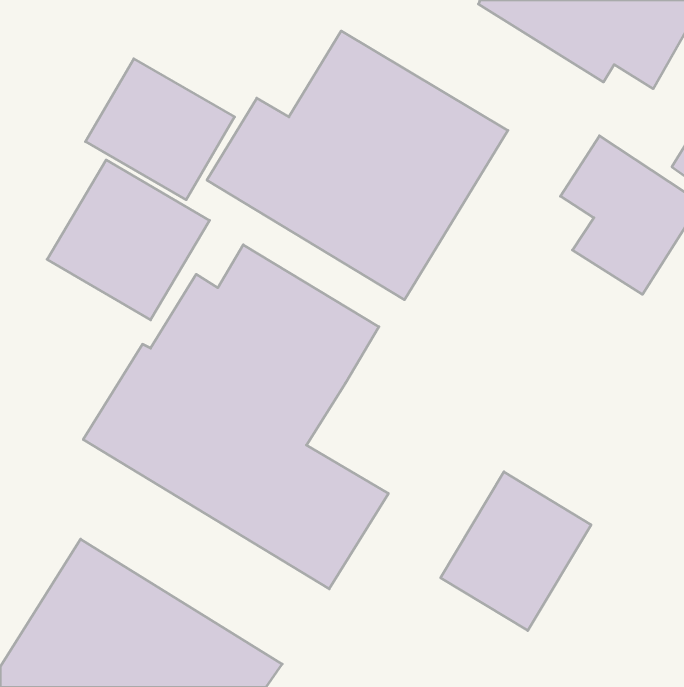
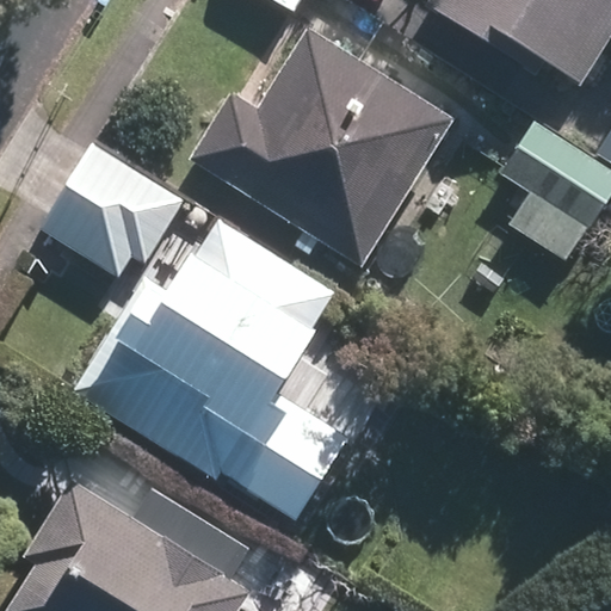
building: [85,59,235,200] -> none
building: [441,472,591,631] -> none

